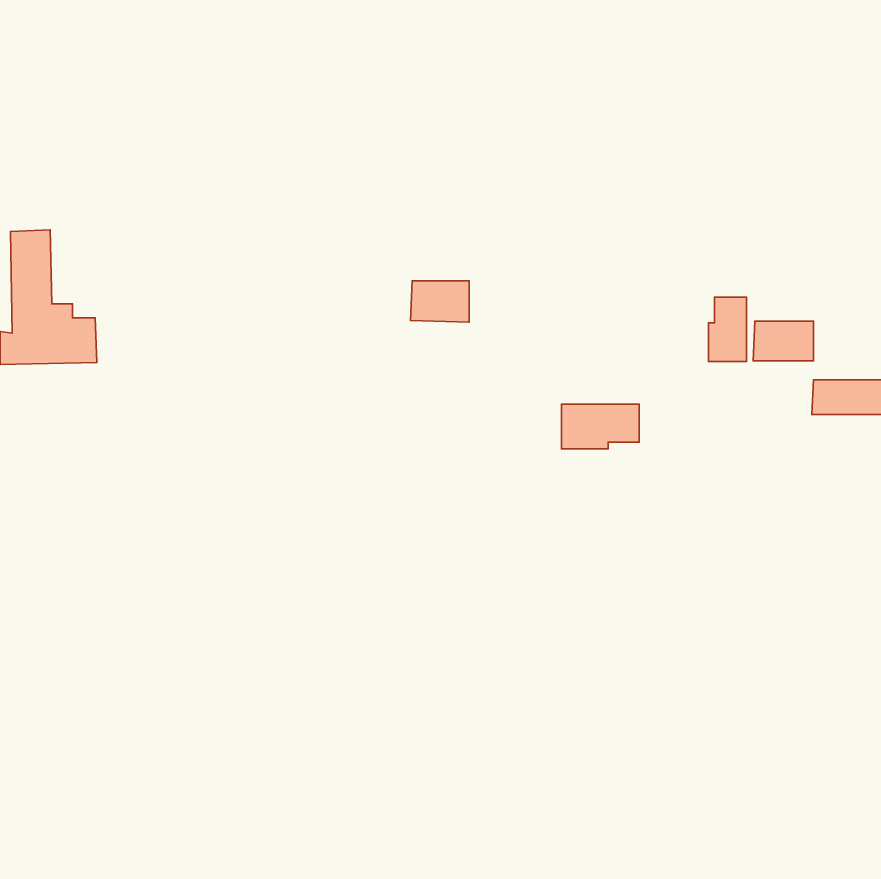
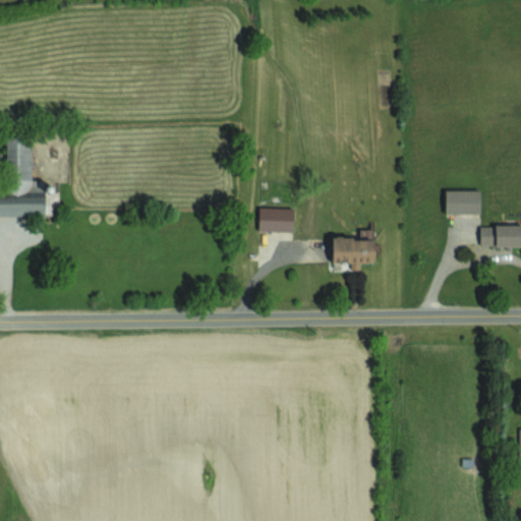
building: [410,281,469,322] -> [258,209,293,233]
building: [708,297,747,362] -> none

